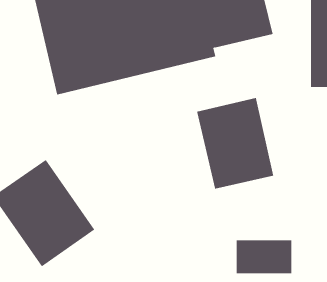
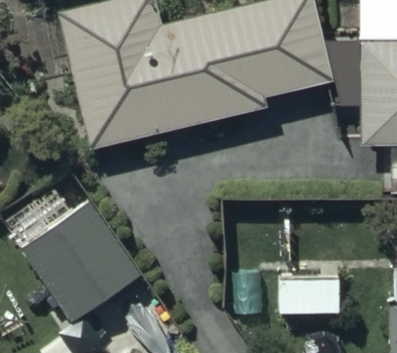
building: [197,97,274,190] -> none

